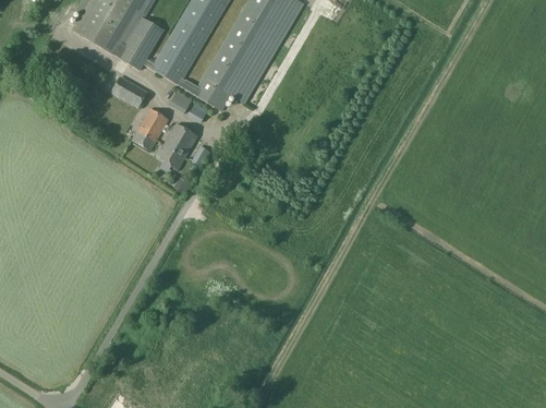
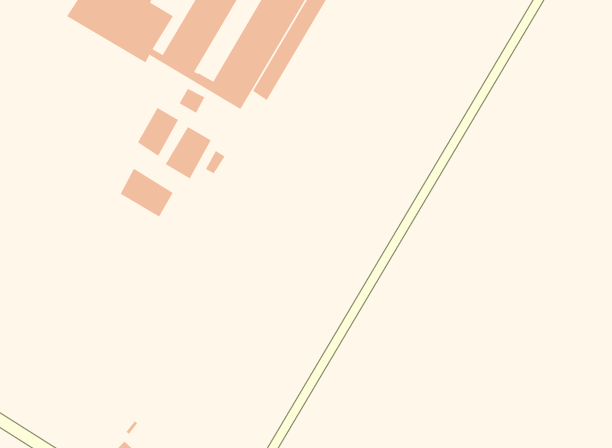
building: [111,74,148,106] -> none
building: none -> [120,168,174,218]

